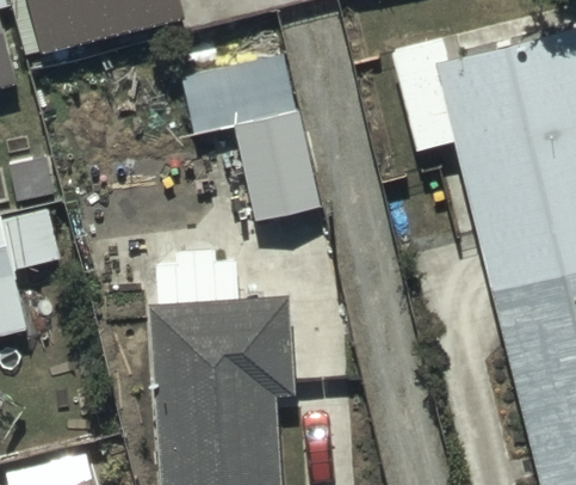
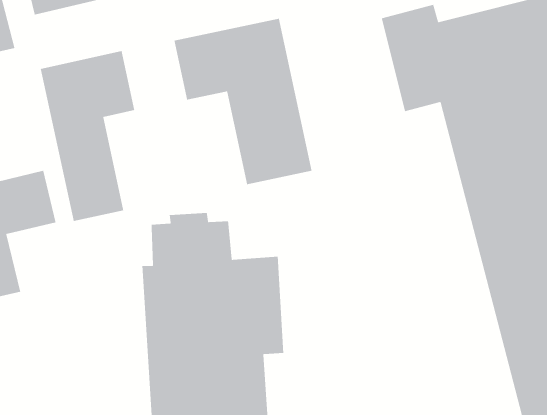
building: none -> [40,50,135,222]

